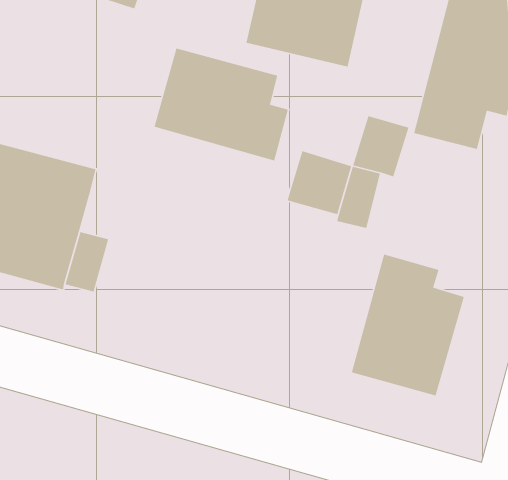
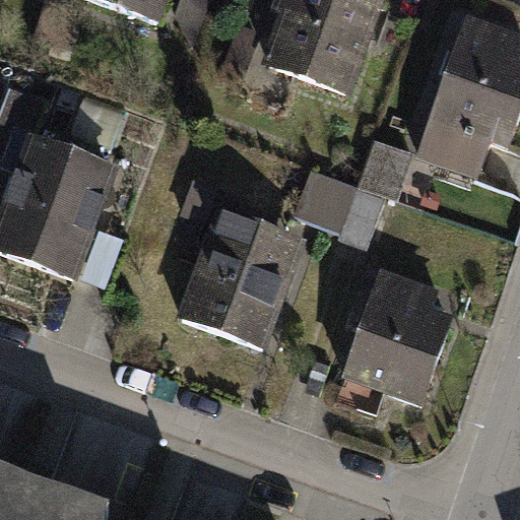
building: [153,47,289,162] -> none
building: none -> [177,206,308,348]

